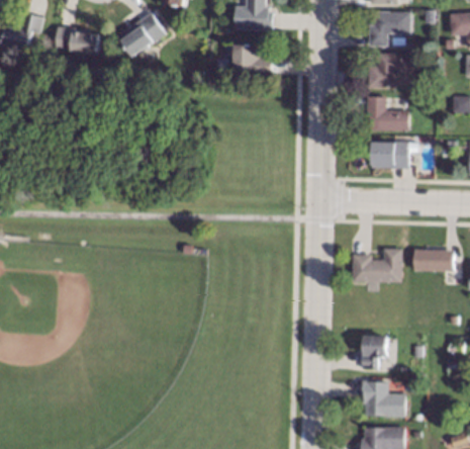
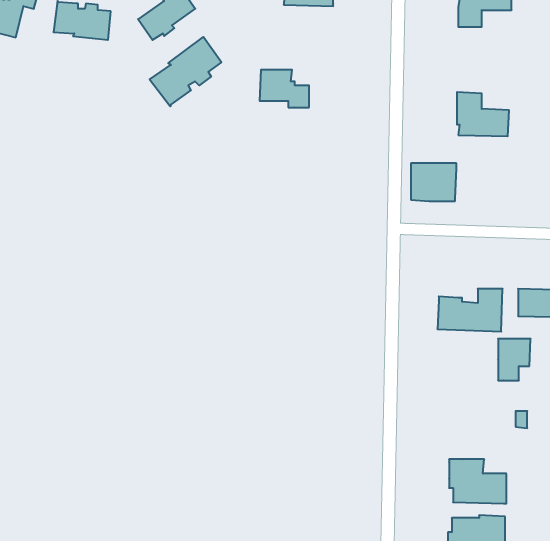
building: [231,44,270,74] -> [260,70,309,107]
building: [367,52,412,87] -> none
building: none -> [150,37,221,106]
building: [373,139,408,168] -> [411,163,456,201]
building: [362,336,387,368] -> [498,339,531,380]

